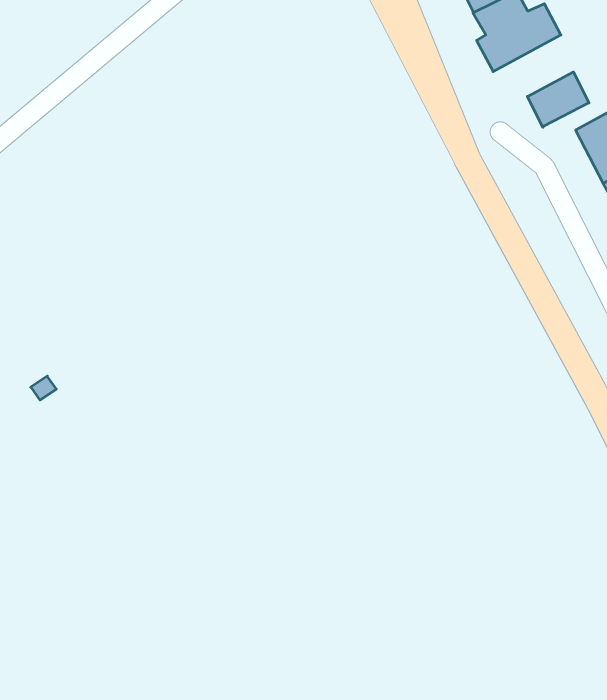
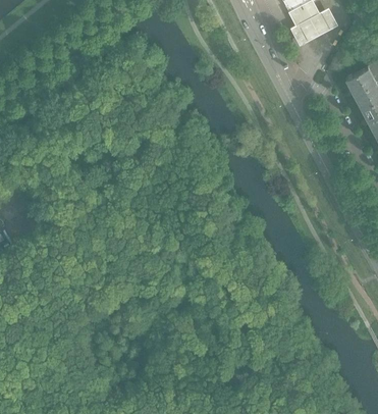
building: [527,72,589,127] -> none

